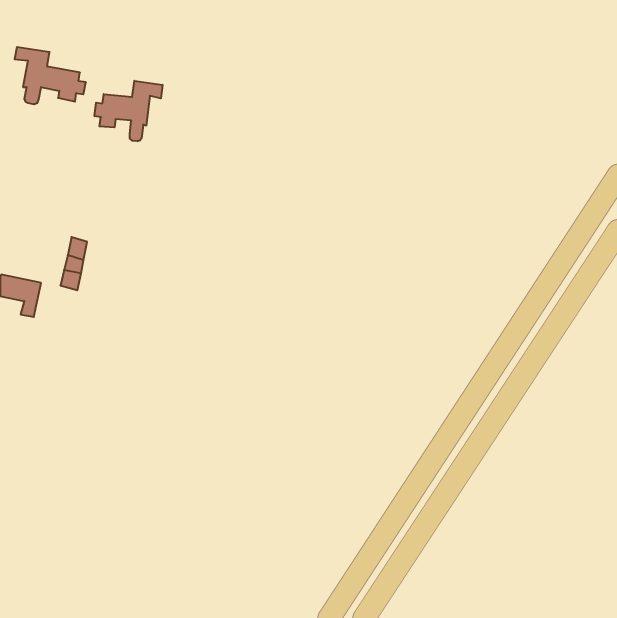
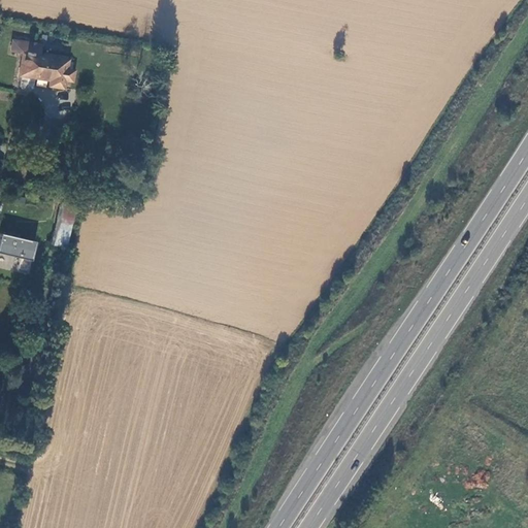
building: [95,81,162,141] -> none

